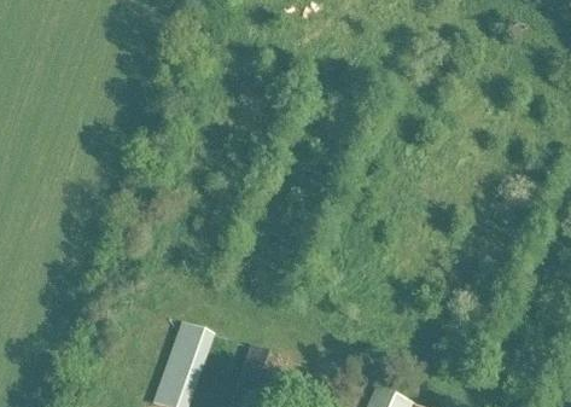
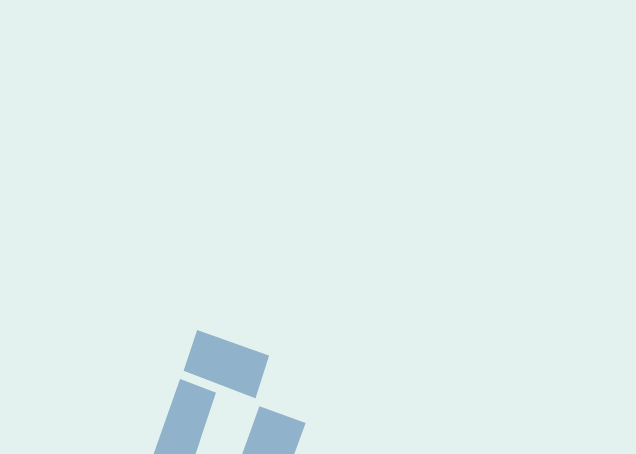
building: none -> [183,329,270,399]

